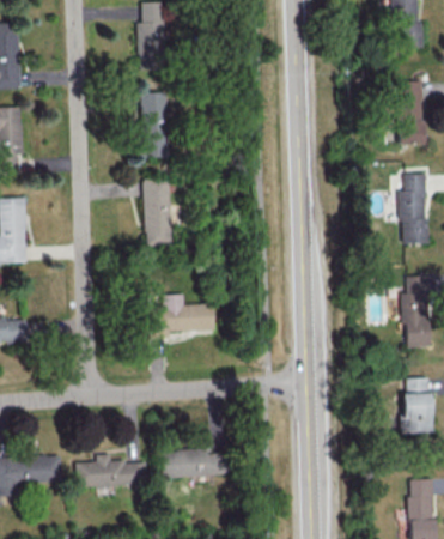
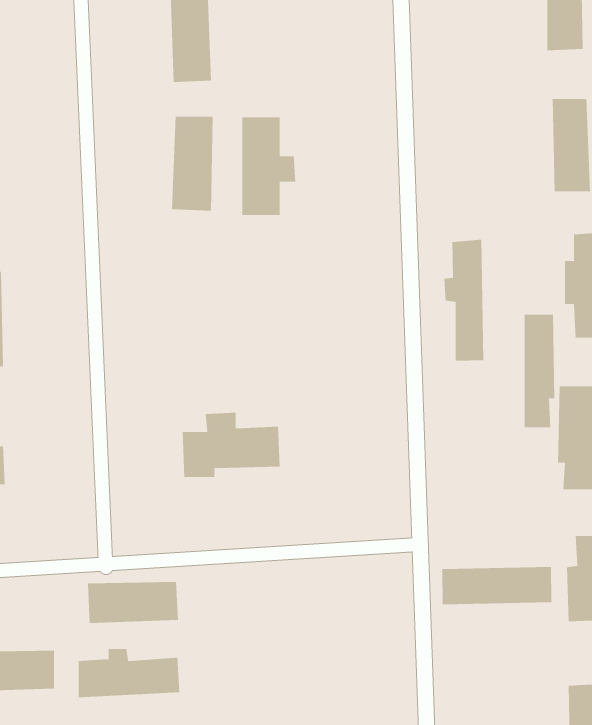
building: none -> [444,239,484,361]
building: [145,178,182,246] -> [242,117,296,216]
building: none -> [524,314,555,428]
building: none -> [442,566,552,605]
building: [162,449,224,478] -> [87,581,179,624]

